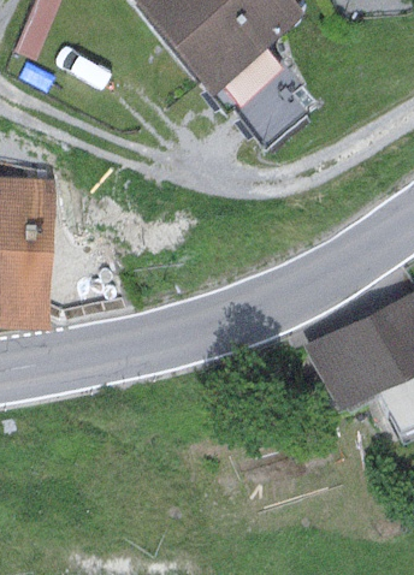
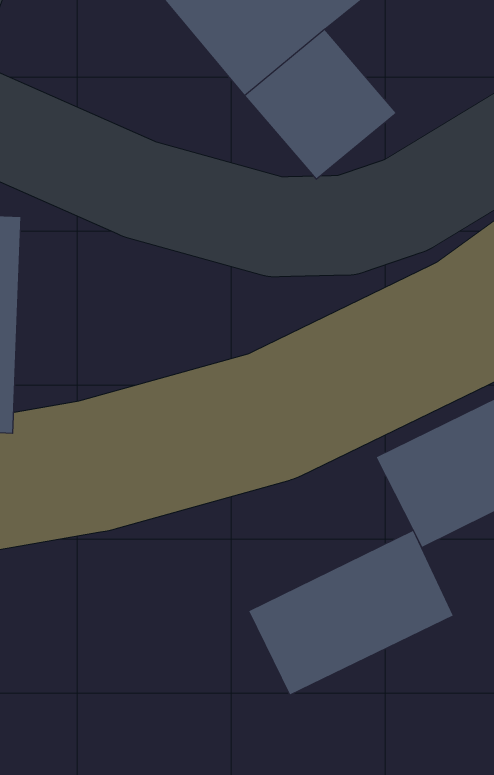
building: none -> [248,530,454,695]

